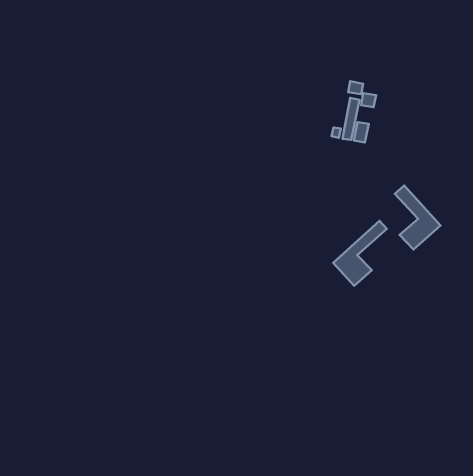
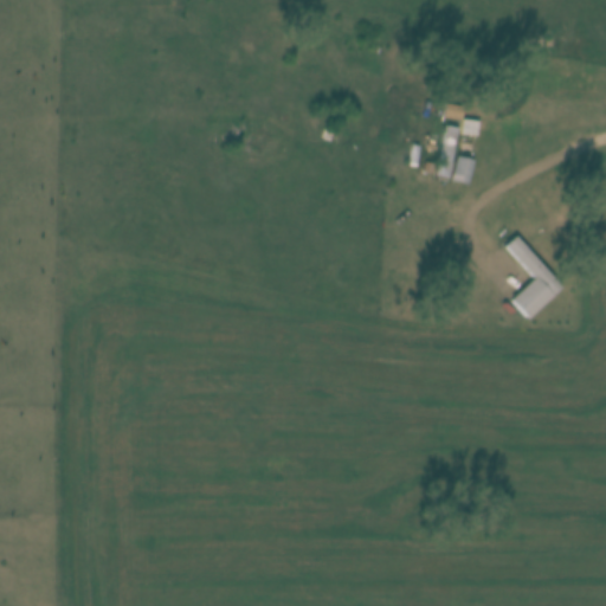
building: [333,221,387,286] -> none

